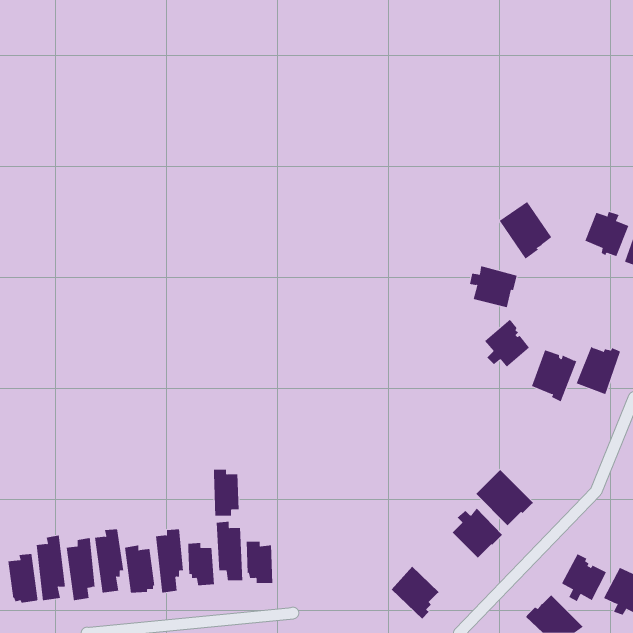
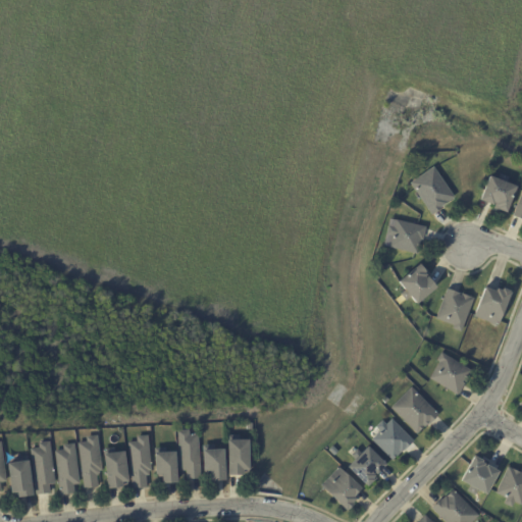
building: none -> [430,351,473,394]
building: [213,469,239,516] -> [228,435,250,474]
building: none -> [349,446,387,485]

